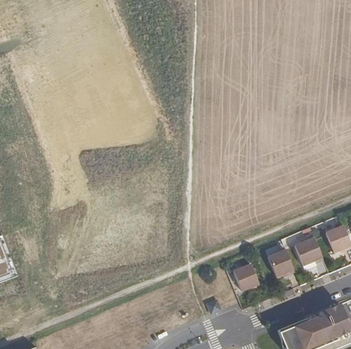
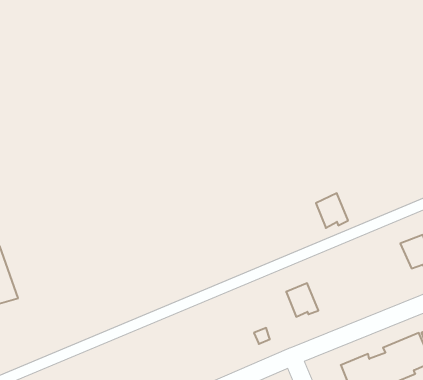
building: [297,237,323,269] -> none
building: [268,249,294,277] -> [316,193,348,228]

